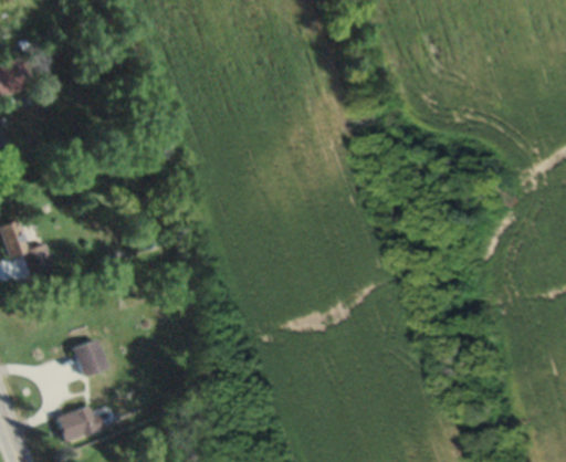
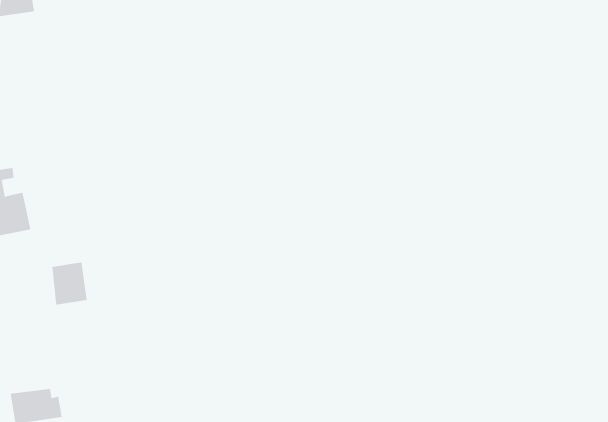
building: [71,339,105,379] -> [52,262,87,305]

